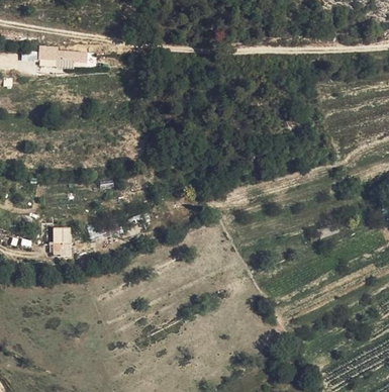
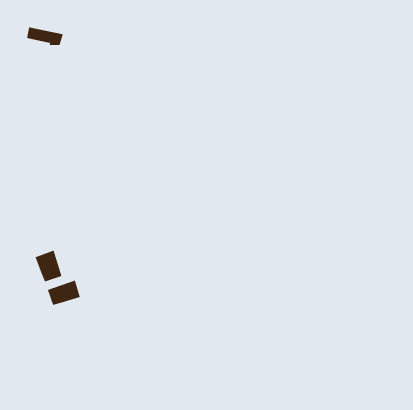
building: none -> [47,279,81,306]

